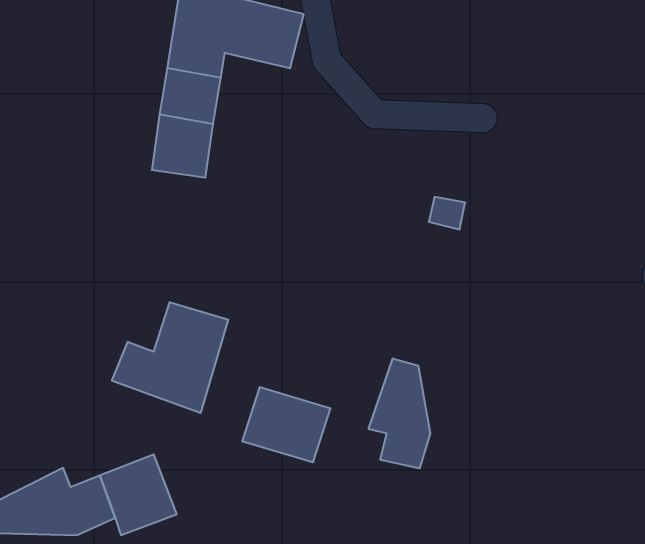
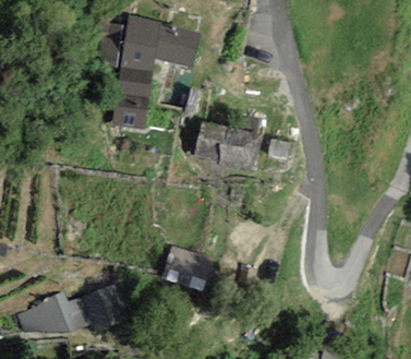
building: none -> [193,121,252,168]
building: [112,302,228,413] -> none
building: [369,358,430,468] -> none

